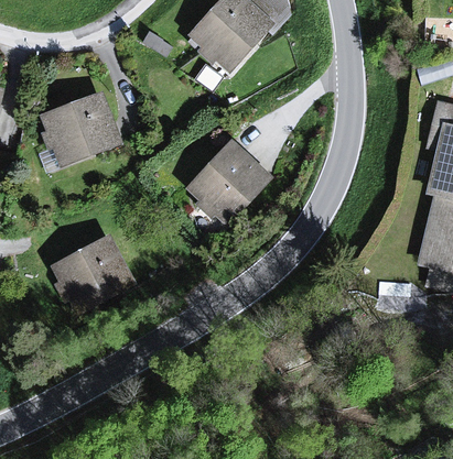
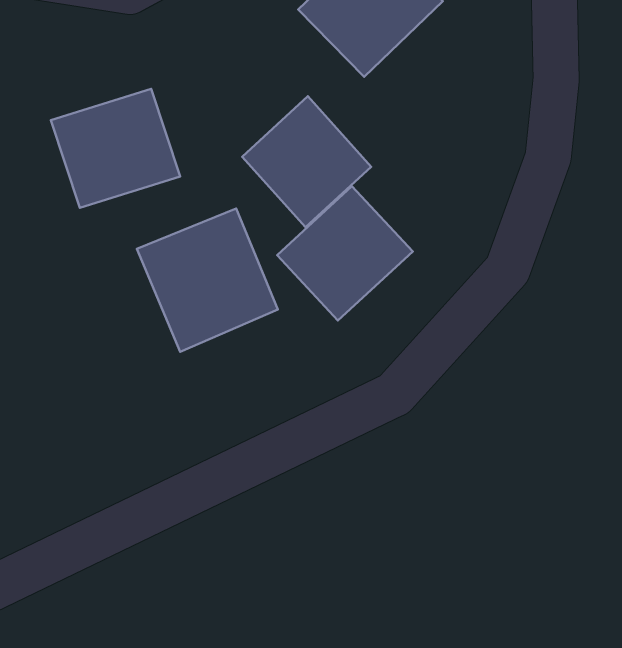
building: none -> [242,96,371,227]
building: [50,234,140,326] -> [137,208,278,352]

